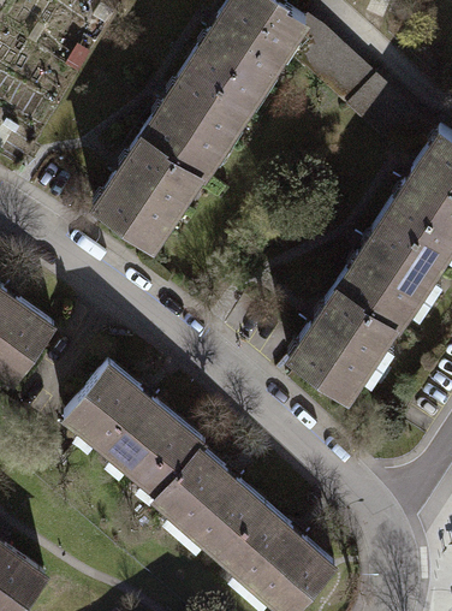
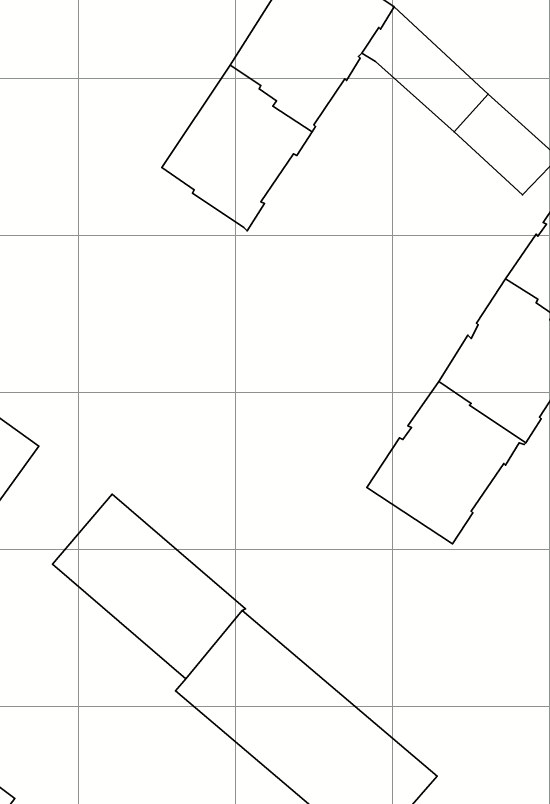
building: [95,137,201,251] -> none

